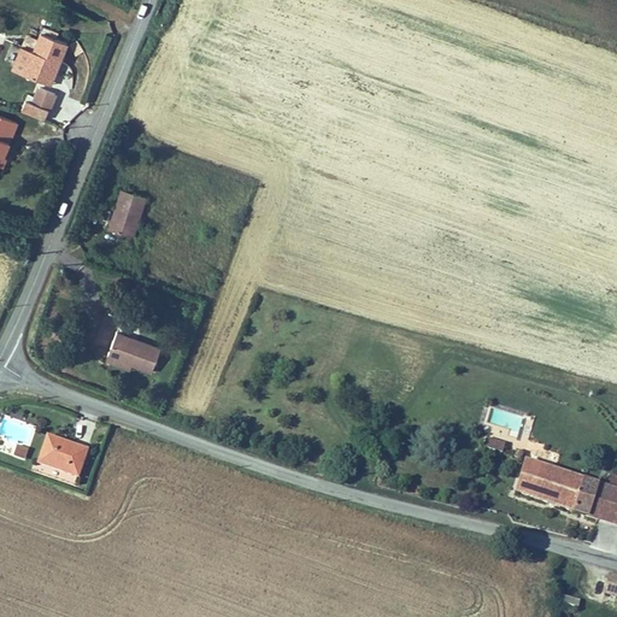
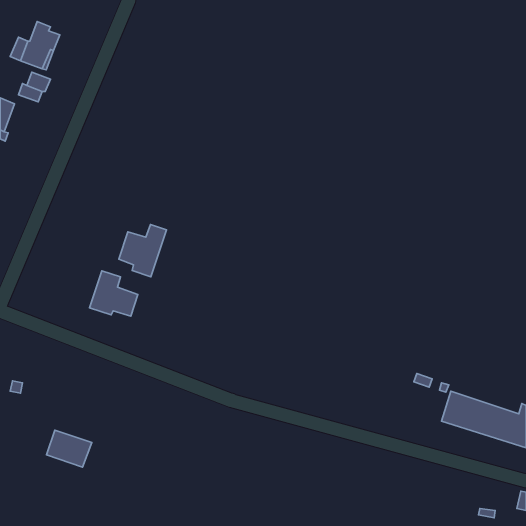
building: [110,188,147,235] -> none
building: none -> [119,224,166,277]
building: [37,435,90,478] -> [47,430,92,467]

